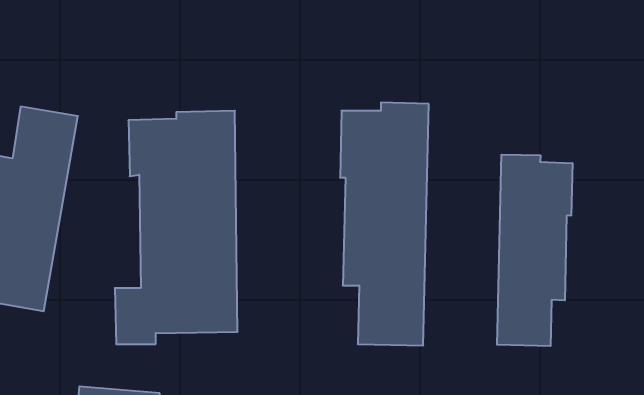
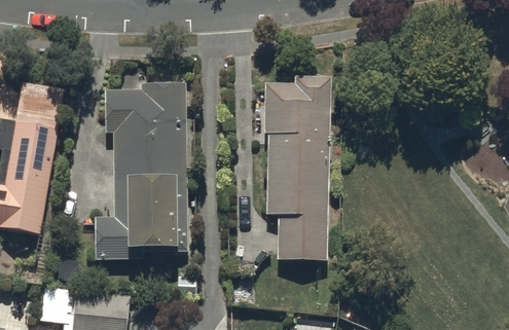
building: [497,155,572,346] -> none

